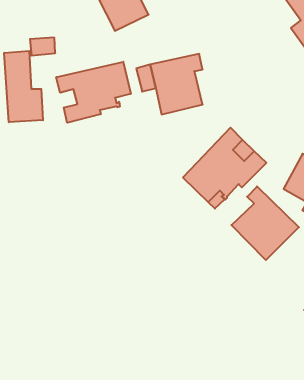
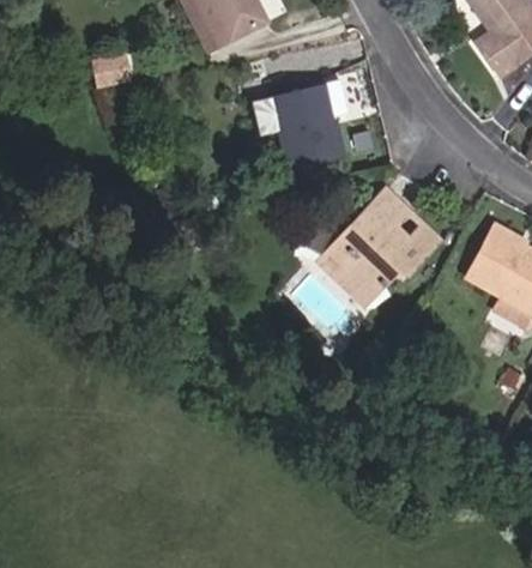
building: [4,51,43,122] -> none
building: [56,62,131,123] -> none
building: [231,186,299,260] -> none

